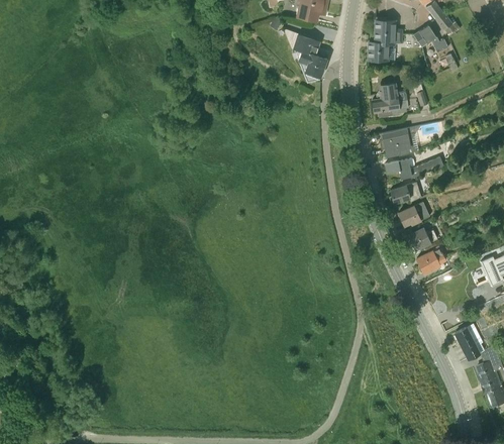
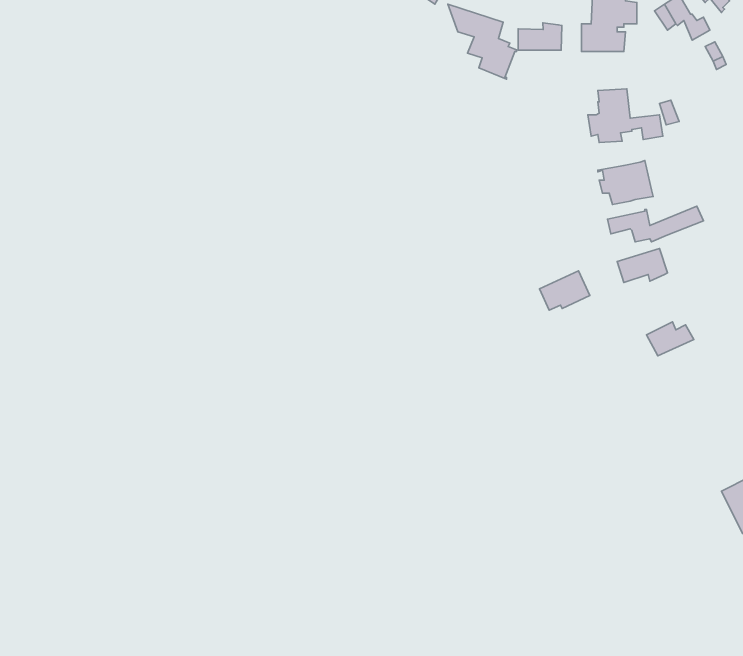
building: none -> [518,23,562,50]
building: [398,202,429,226] -> [539,271,590,310]
building: [416,248,445,273] -> none

